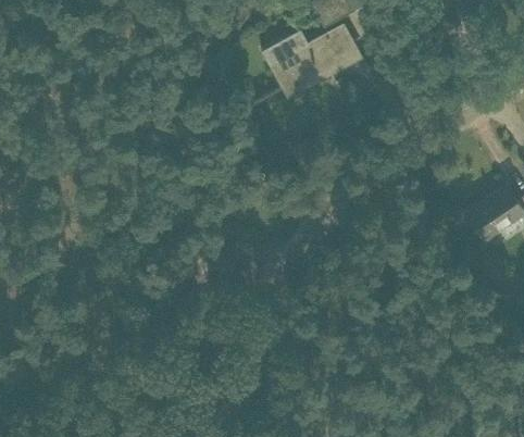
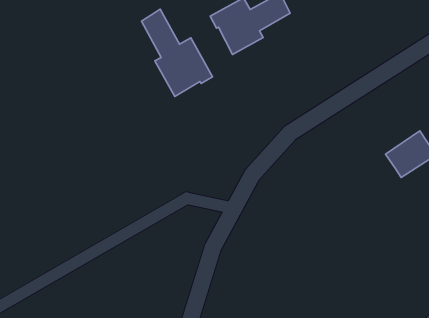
building: none -> [141,9,213,97]

